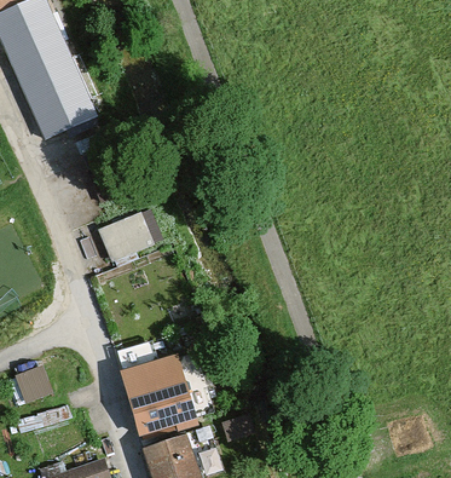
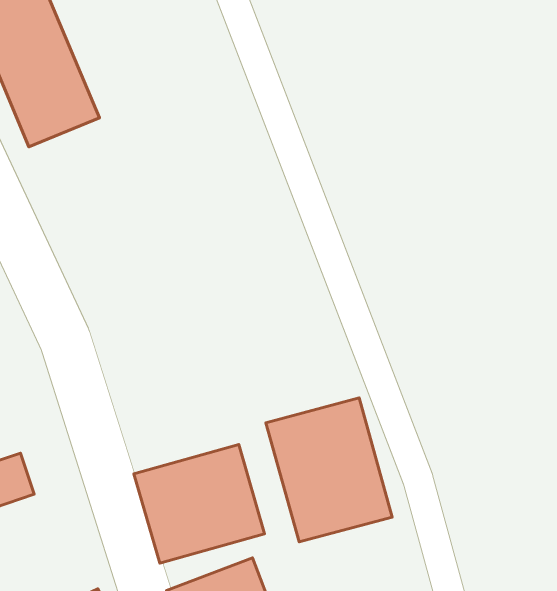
building: [94,207,158,266] -> none
building: none -> [266,398,392,542]

